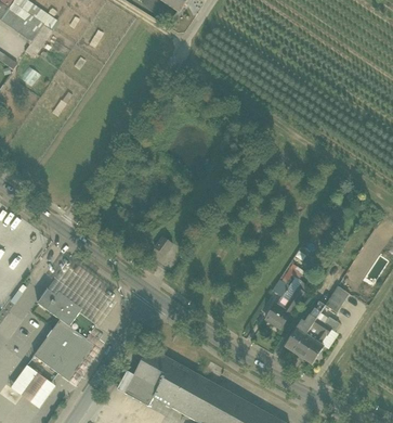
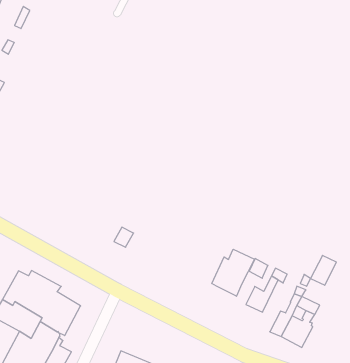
building: none -> [212,249,254,296]

